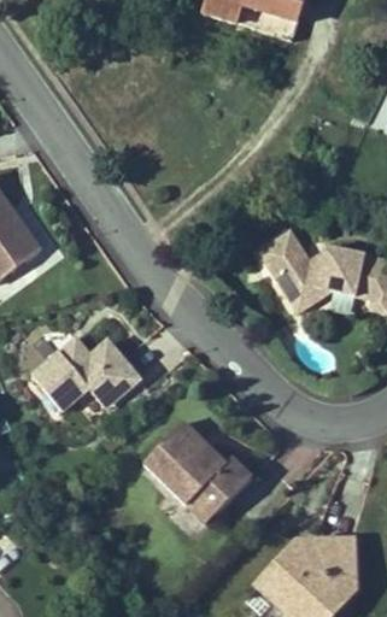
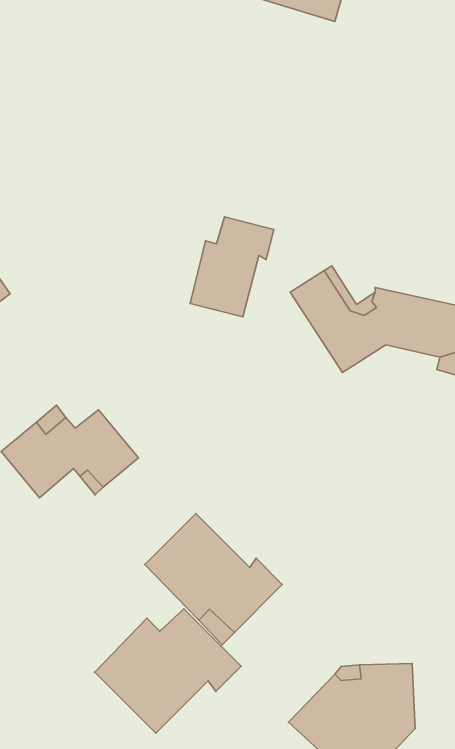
building: none -> [190,217,274,317]
building: none -> [95,609,241,733]

